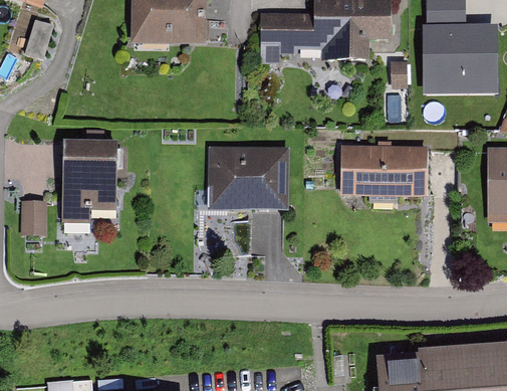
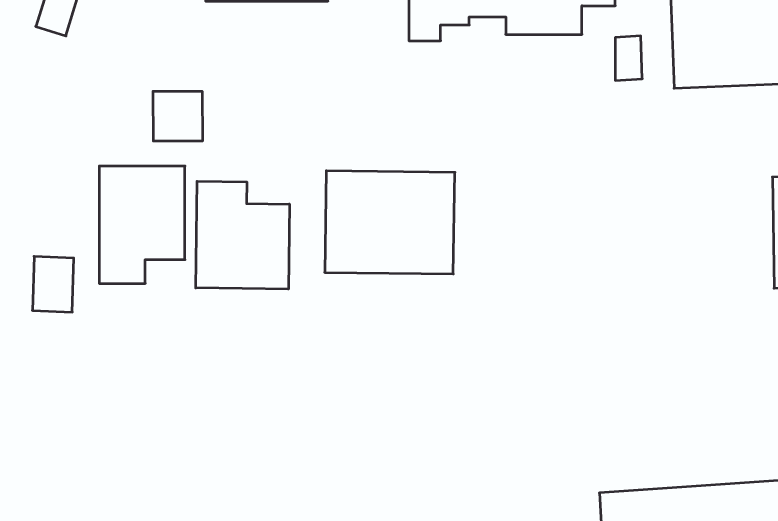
building: none -> [153,91,202,141]
building: [339,145,427,197] -> none
building: none -> [196,181,289,289]

